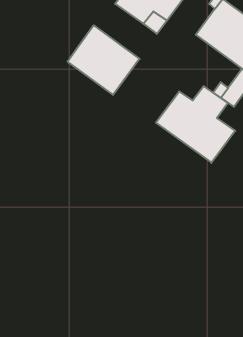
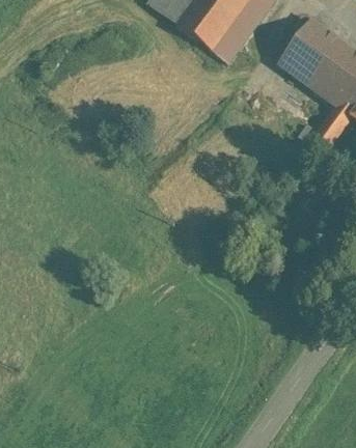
building: [68,25,140,95] -> none
building: [156,86,235,163] -> none

